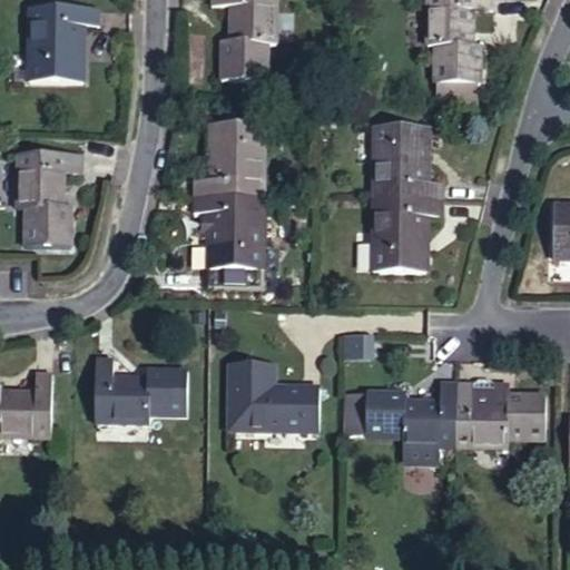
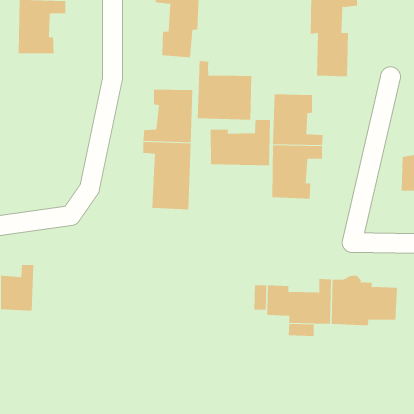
building: none -> [197,60,252,120]
building: [12,150,75,240] -> none
building: none -> [210,119,271,166]
building: [229,362,320,429] -> none
building: [92,368,188,433] -> none

